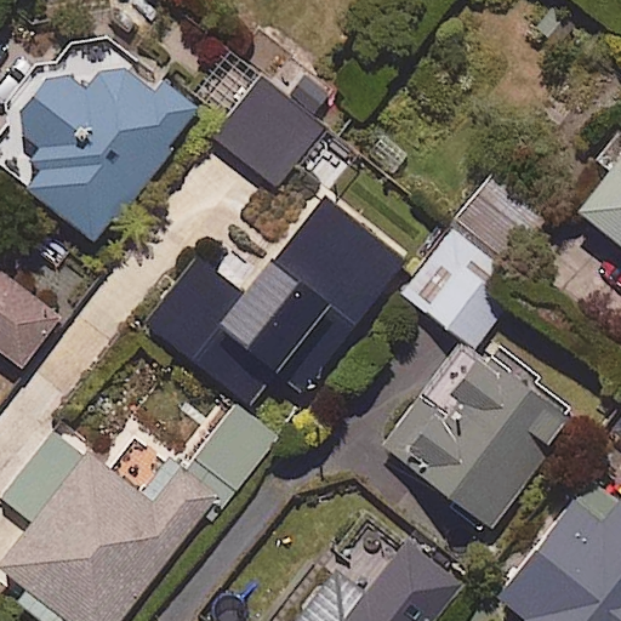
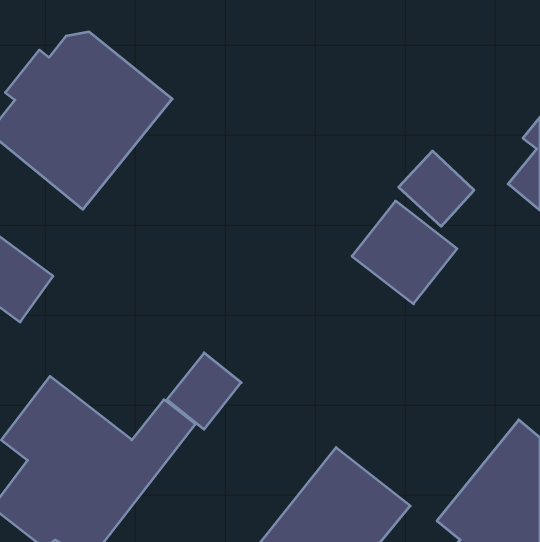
building: [215,80,323,188] -> none
building: [146,198,404,401] -> none
building: [400,346,575,526] -> none

